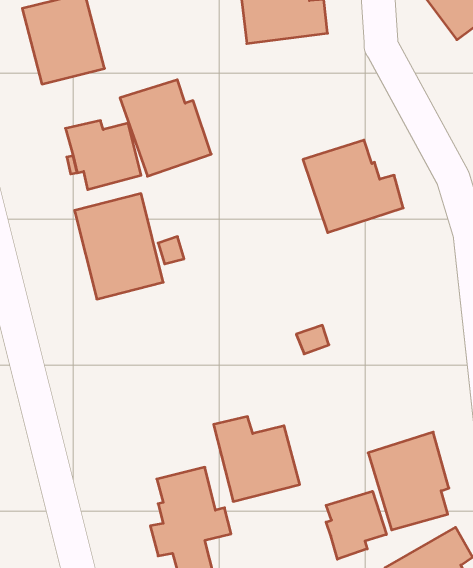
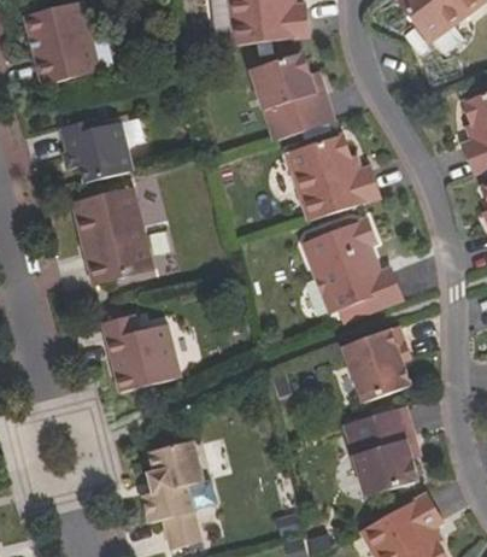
building: [120,80,211,176] -> [248,53,333,142]
building: none -> [303,218,403,313]
building: none -> [342,328,410,405]
building: [214,417,300,501] -> [104,313,183,392]
building: [326,491,386,559] -> none

